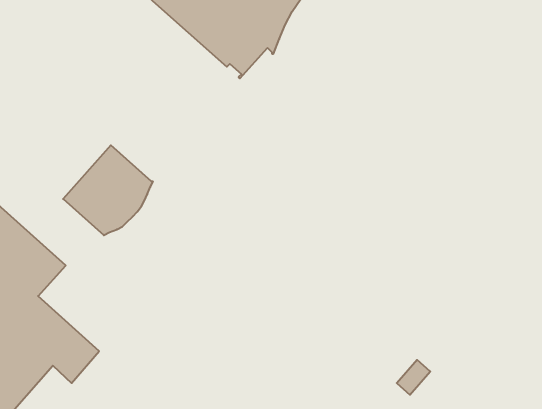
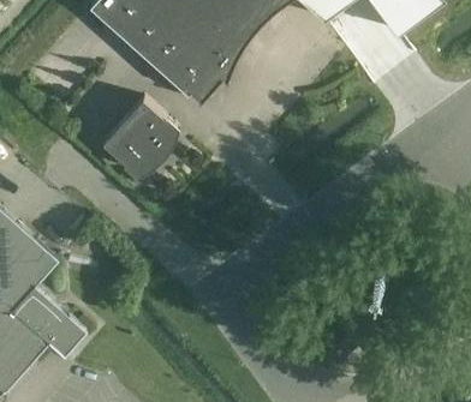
building: [63,145,153,235] -> [105,101,179,175]

